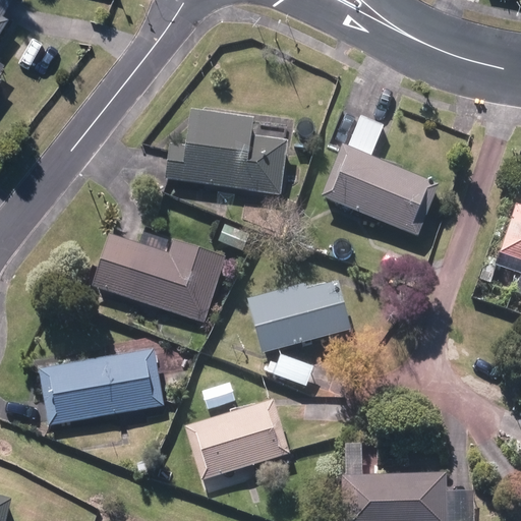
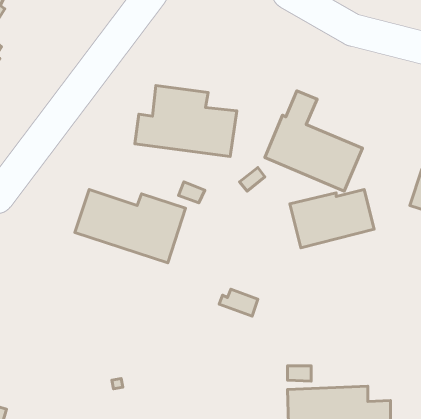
building: [249,281,351,351] -> [290,190,374,248]
building: [40,350,164,424] -> none
building: [186,401,289,479] -> none

